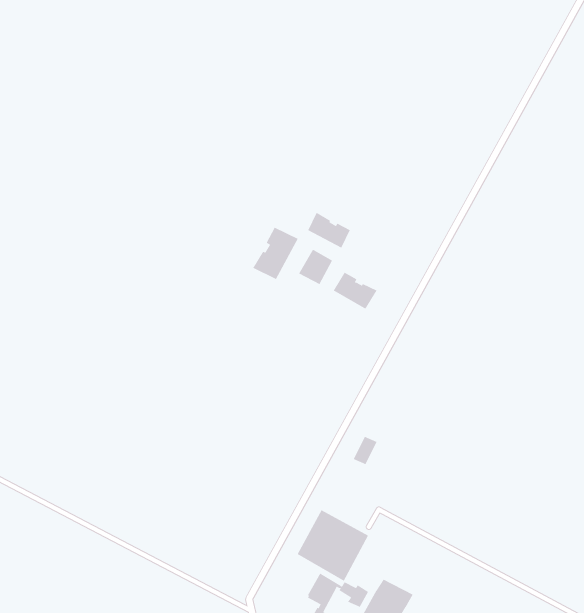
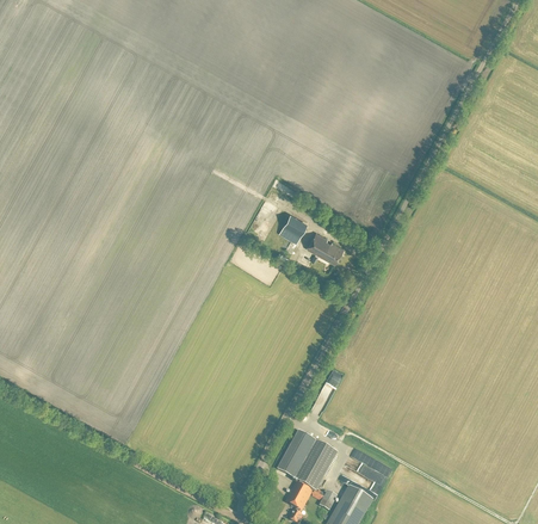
building: [308,212,350,249] -> none
building: [253,227,298,280] -> none

